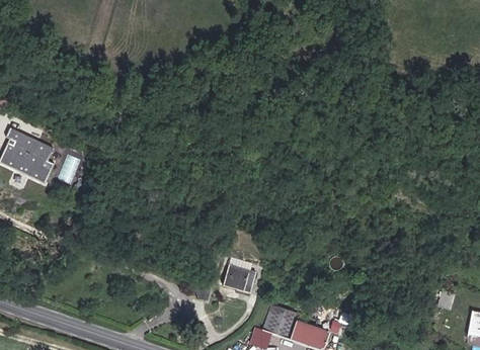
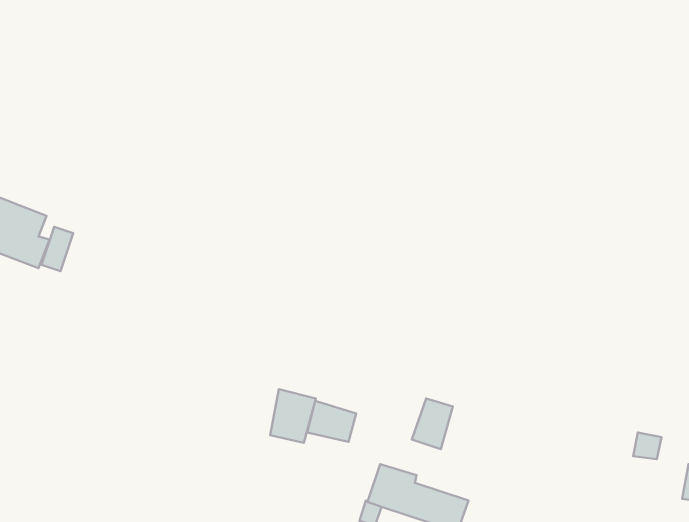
building: none -> [270,389,316,443]
building: none -> [412,399,453,449]

